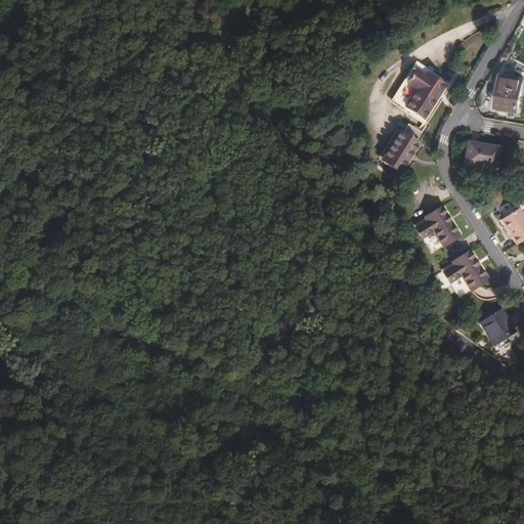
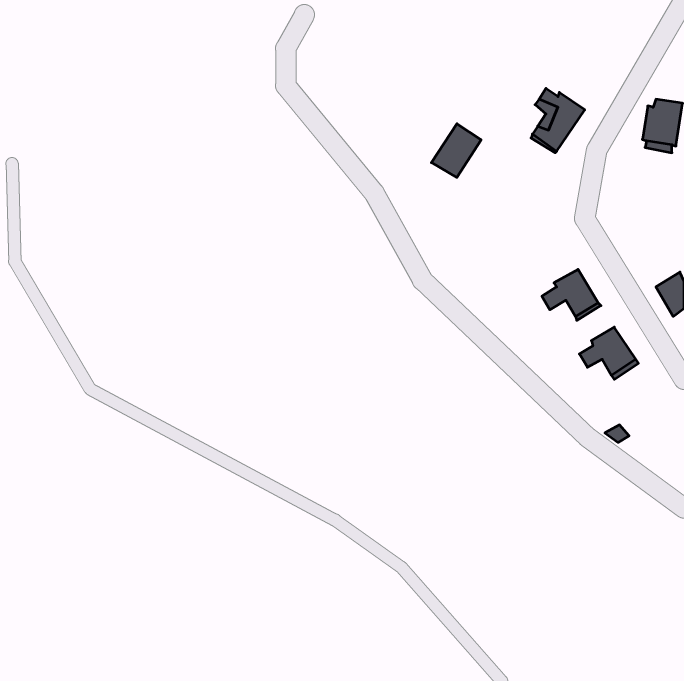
building: [382,129,420,170] -> [431,124,481,177]
building: [463,140,499,168] -> none
building: [480,305,516,341] -> none

